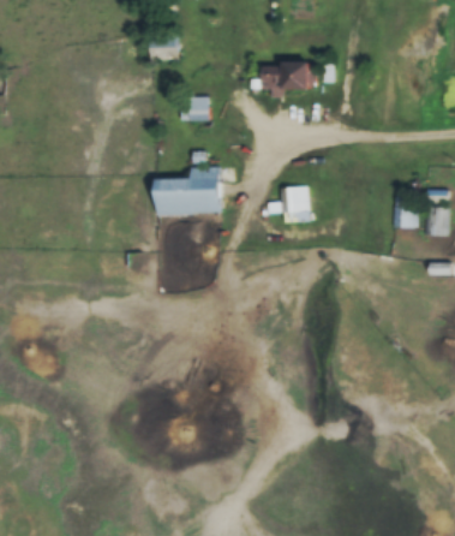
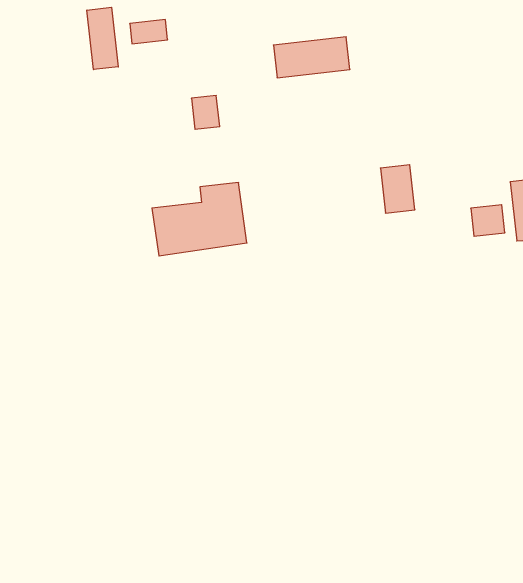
building: none -> [87,7,118,70]
building: [286,186,309,221] -> [380,165,415,213]

